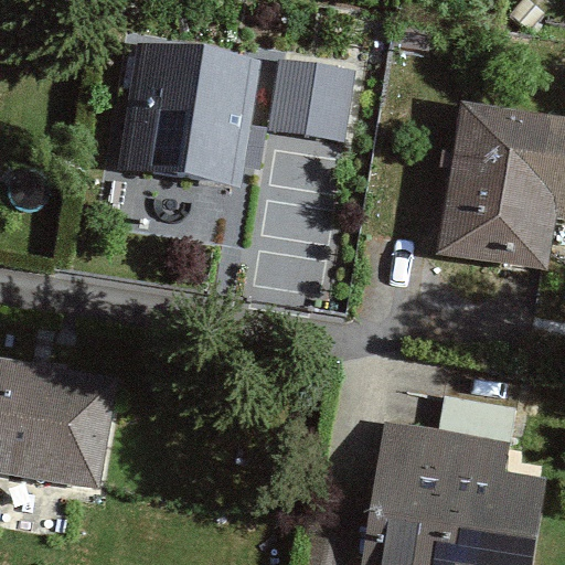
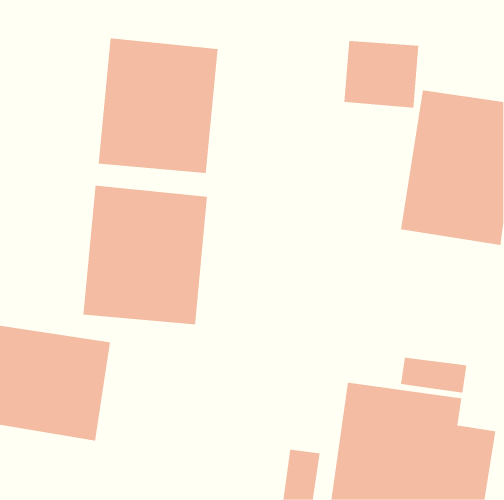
building: [253,62,337,137] -> [343,40,419,108]
building: none -> [83,185,208,325]

